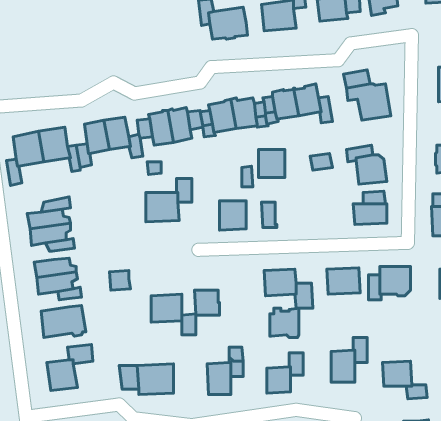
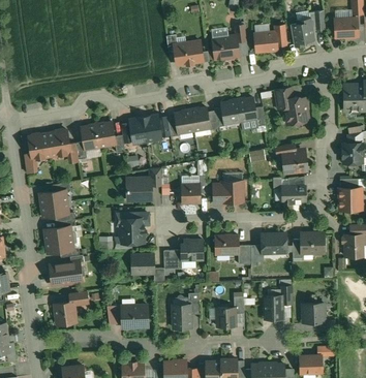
building: [258,150,285,177] -> [223,181,243,201]
building: none -> [118,213,148,243]
building: [270,308,299,337] -> [181,239,203,260]

